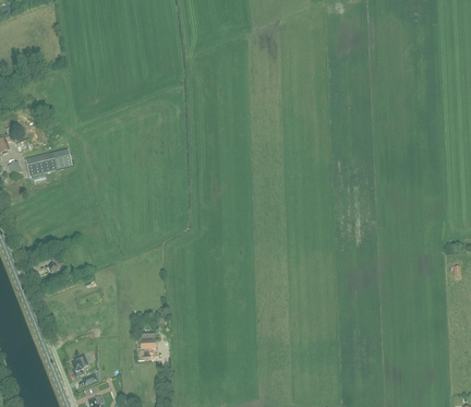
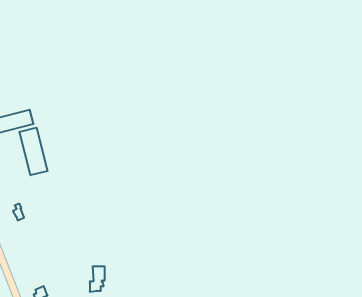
building: none -> [19,128,48,175]

